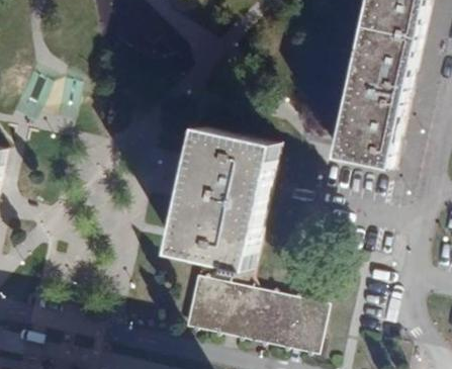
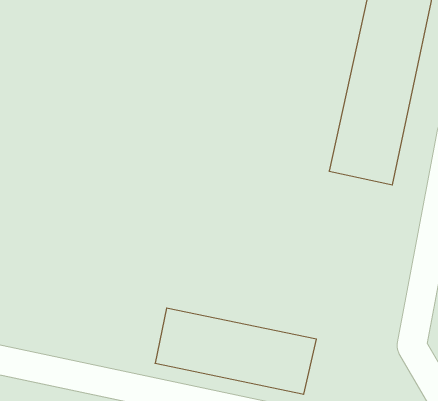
building: [171,125,275,273] -> none

